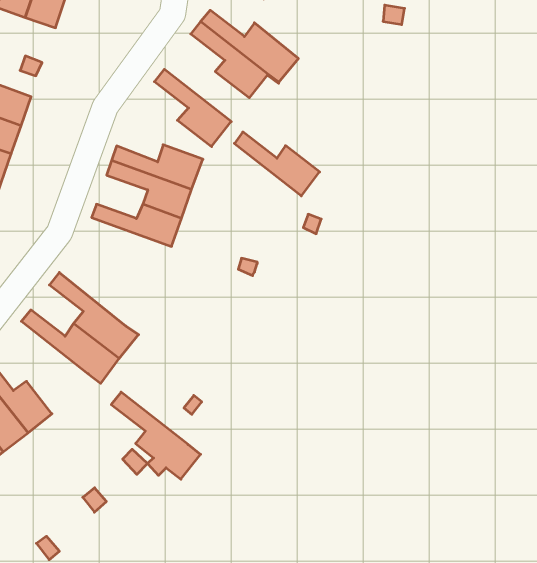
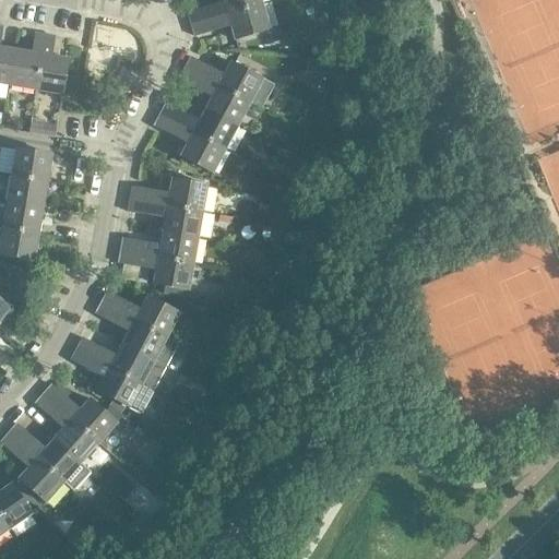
building: [234,132,320,196] -> [162,102,238,147]
building: none -> [119,249,200,304]
building: none -> [102,289,179,336]
building: [111,392,201,479] -> [70,347,153,413]

